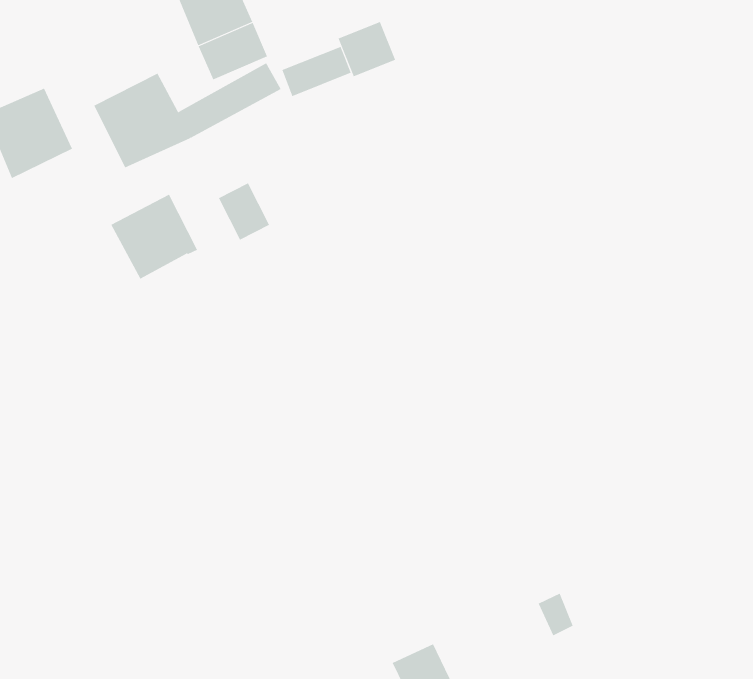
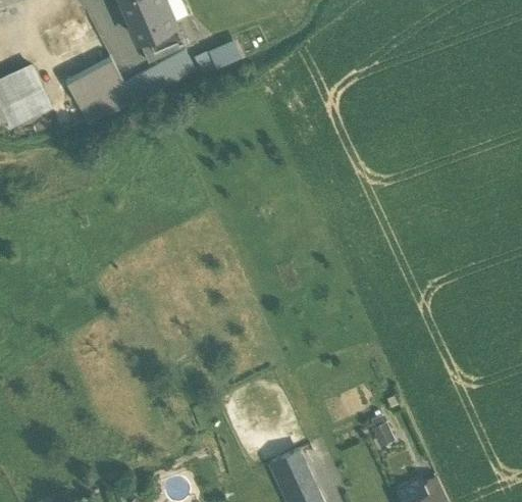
building: [338,21,396,77] -> none
building: [218,183,270,240] -> none
building: [110,194,198,279] -> none

